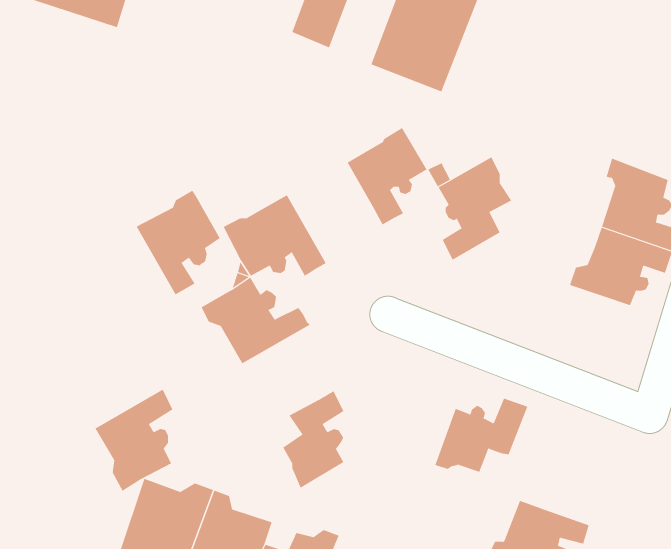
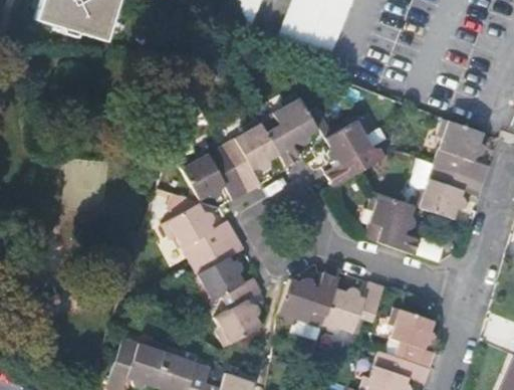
building: [136,190,221,295] -> [220,118,278,190]
building: none -> [365,192,419,256]
building: none -> [279,272,339,329]
building: [94,389,173,491] -> [189,232,243,303]
building: none -> [391,306,436,370]

